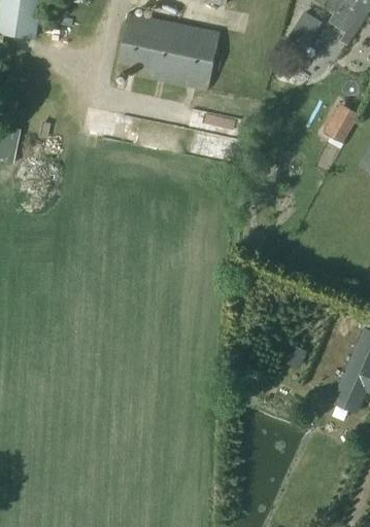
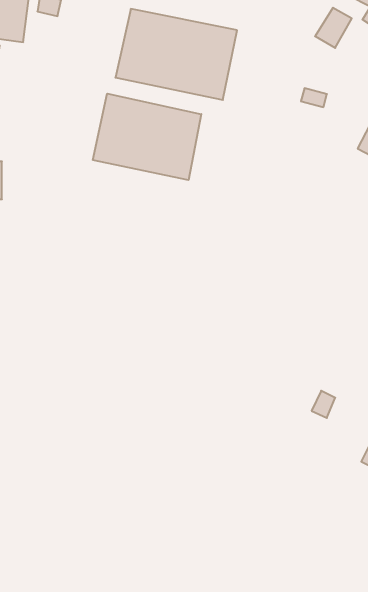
building: none -> [93,94,201,180]

